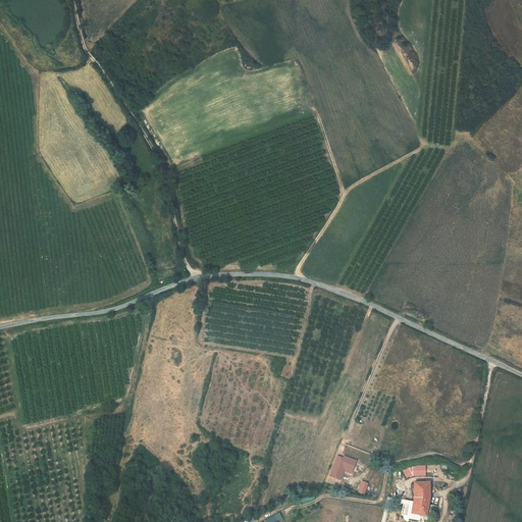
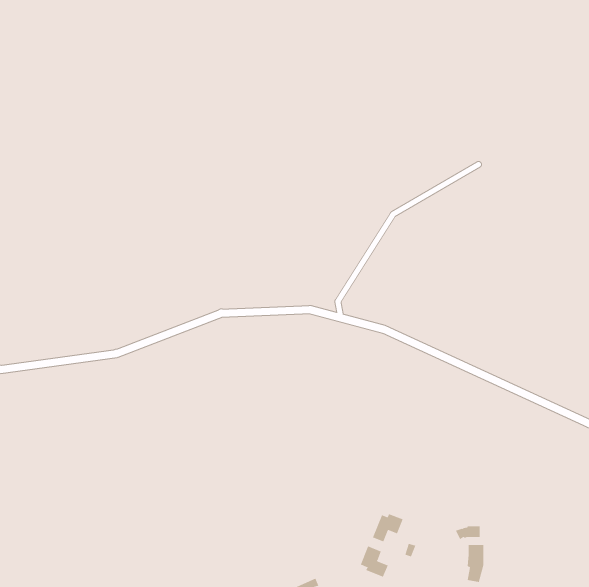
building: none -> [360,546,388,578]

